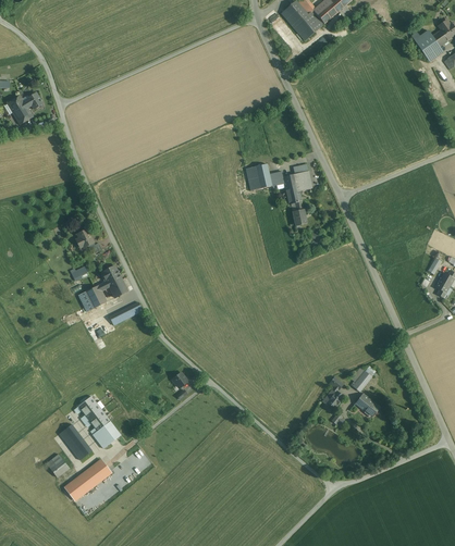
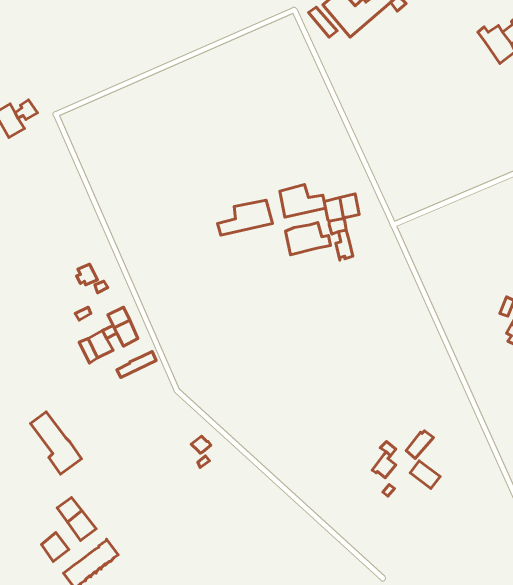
building: none -> [218,200,272,235]
building: none -> [286,222,330,255]
building: [77,396,120,448] -> [31,412,81,474]

